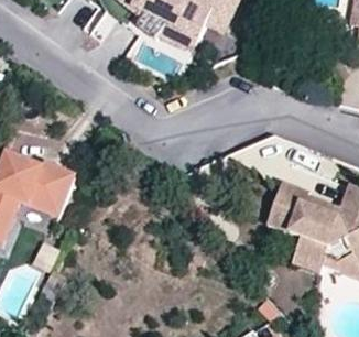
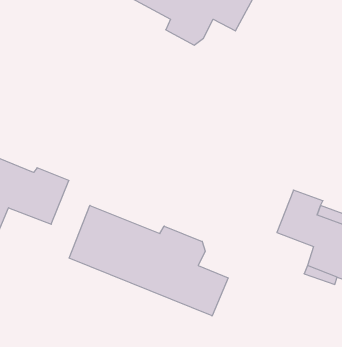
building: none -> [69,205,228,316]

